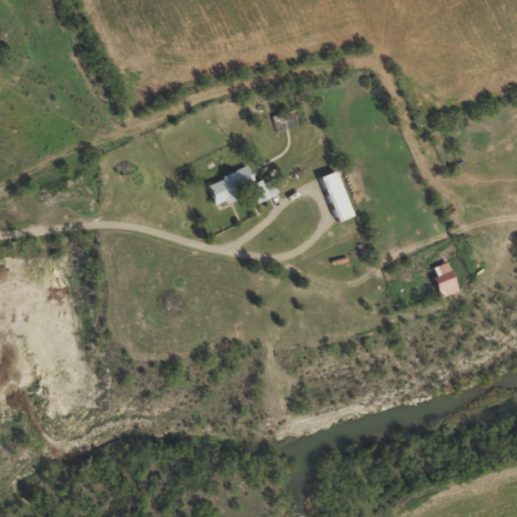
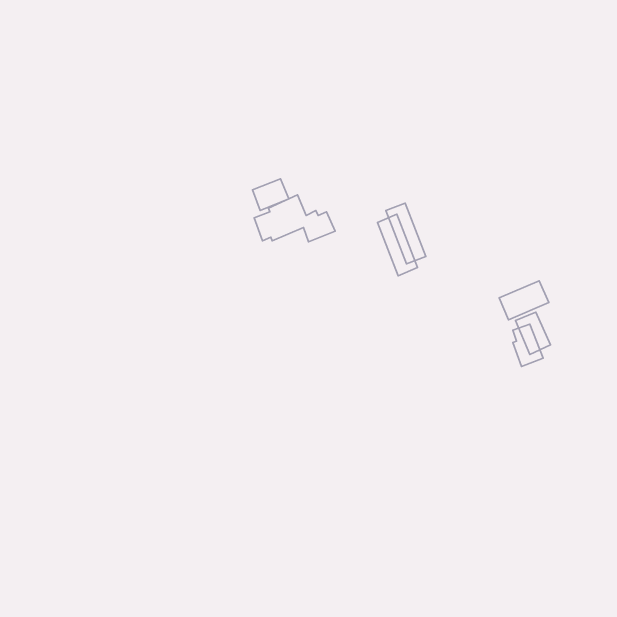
building: none -> [252,179,289,211]
building: none -> [499,281,549,320]

